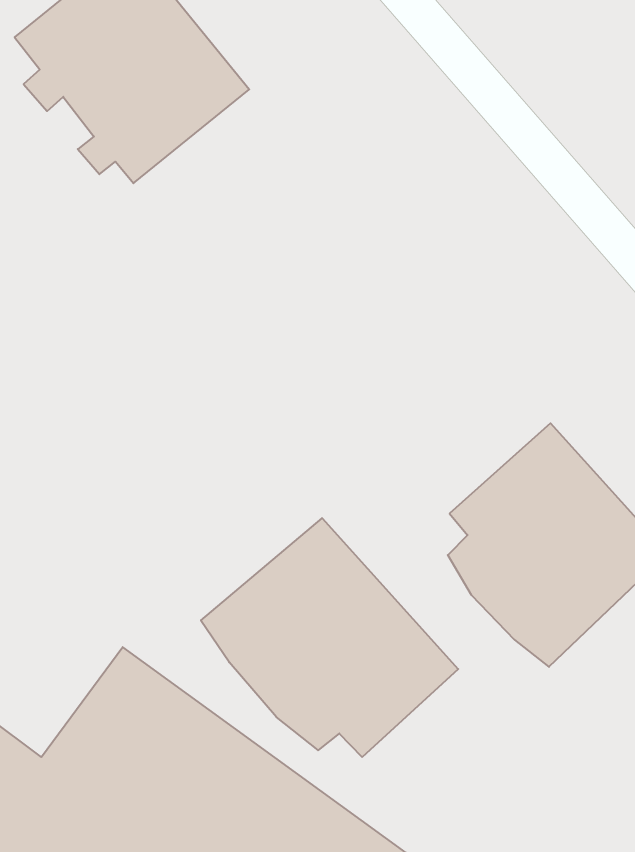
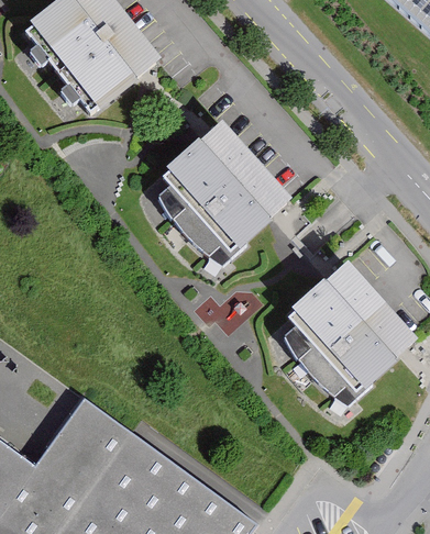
building: none -> [156,121,293,269]
building: [201,518,458,757] -> none

